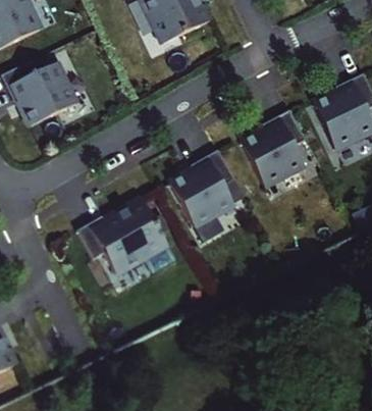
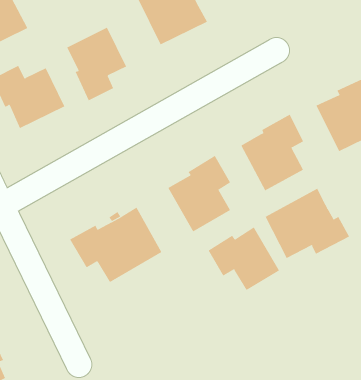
building: none -> [67,27,127,101]
building: none -> [265,188,350,259]
building: none -> [208,227,280,291]

